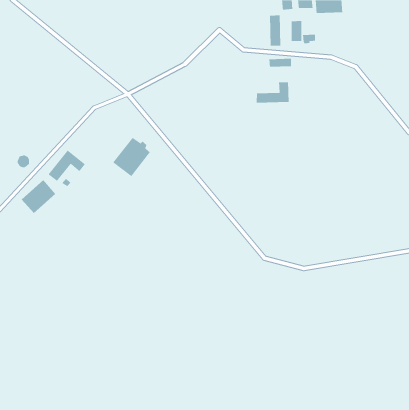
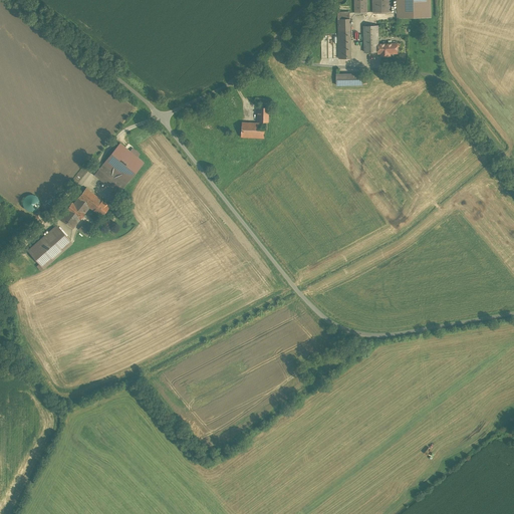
building: [256,82,289,104] -> none
building: none -> [241,107,269,138]
building: [112,137,151,177] -> [93,143,142,193]

